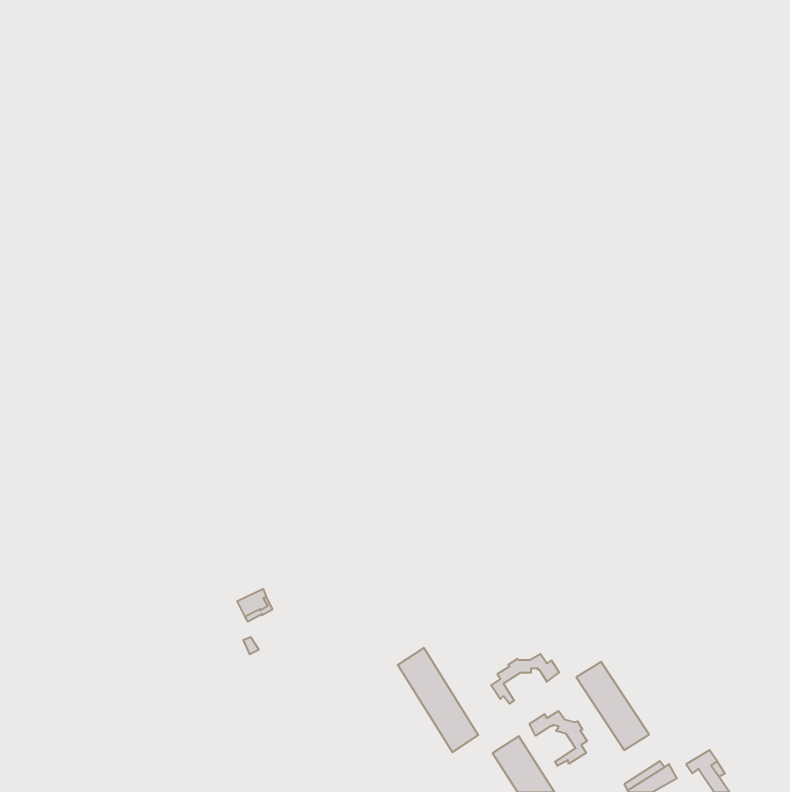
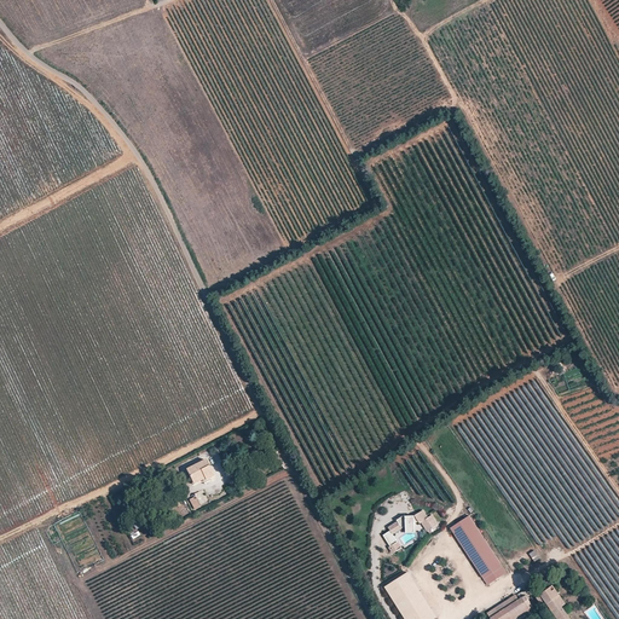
building: [398,648,478,752] -> none
building: [530,711,587,766] -> none

